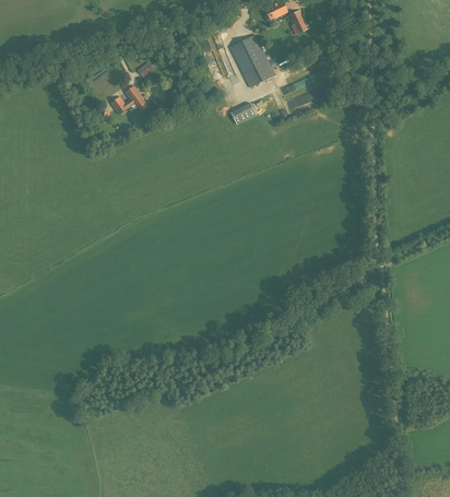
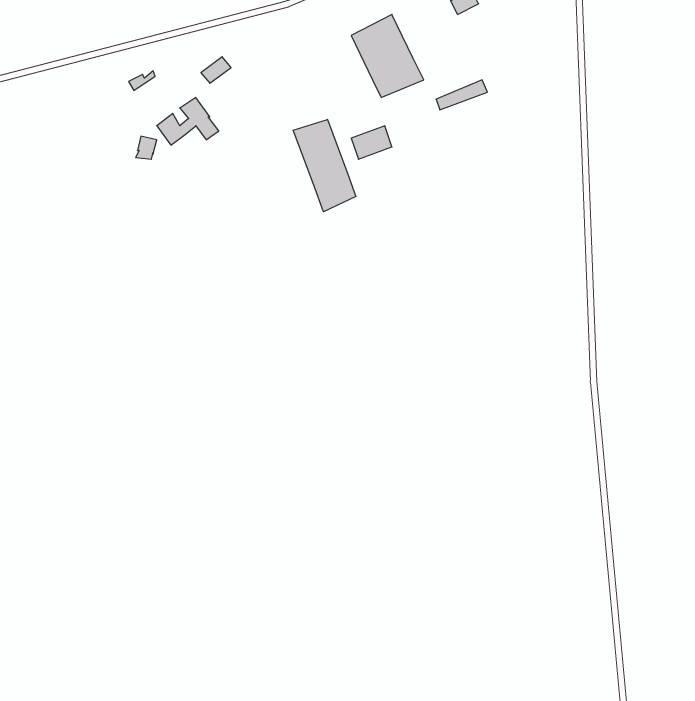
building: none -> [293,119,356,212]

